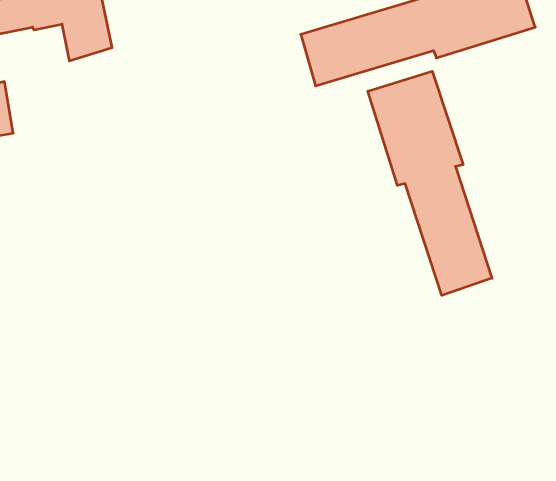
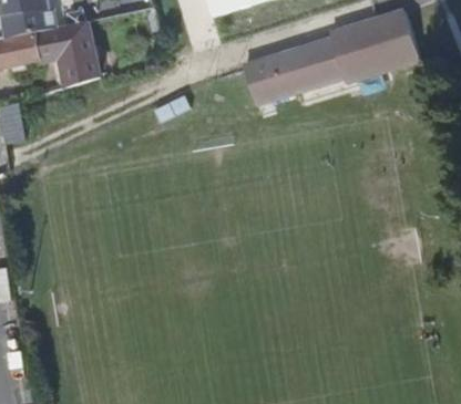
building: [368,71,492,295] -> none

